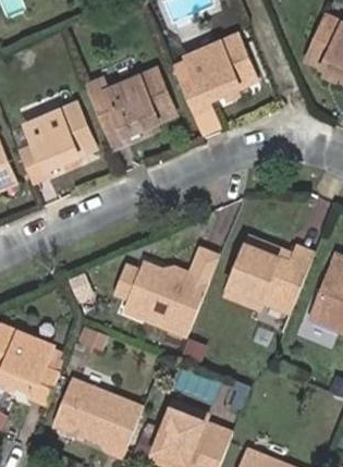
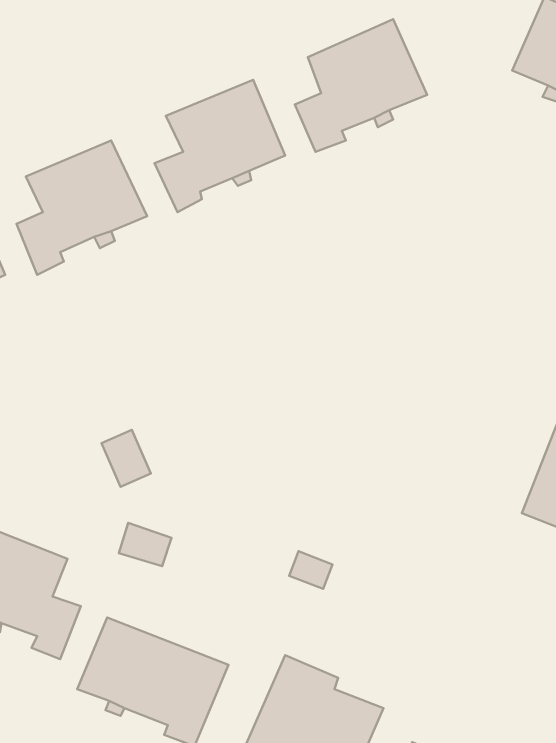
building: [224,235,313,308] -> none
building: [124,259,207,333] -> none

